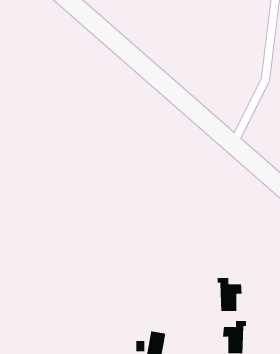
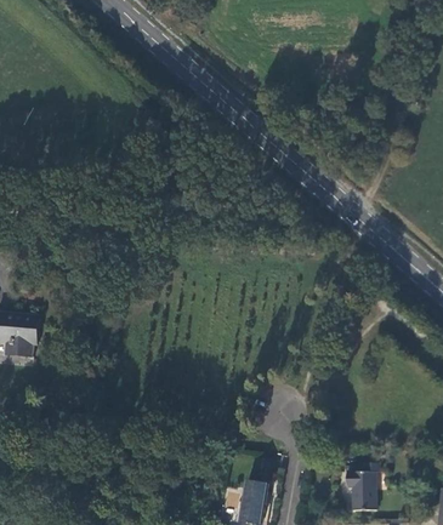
building: [217,277,242,312] -> none

